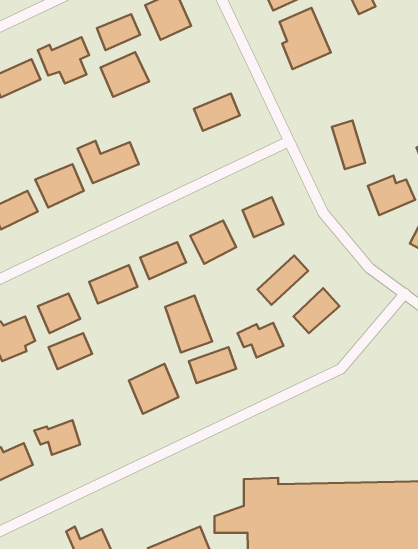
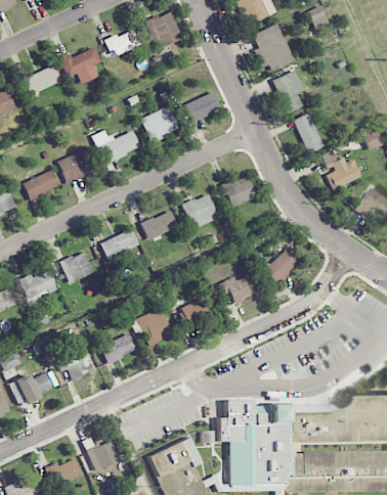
building: [100,52,149,97] -> [140,106,179,142]
building: none -> [272,70,304,114]
building: [258,255,308,305] -> none
building: [165,296,212,353] -> none
building: [49,333,92,369] -> [101,333,136,362]

